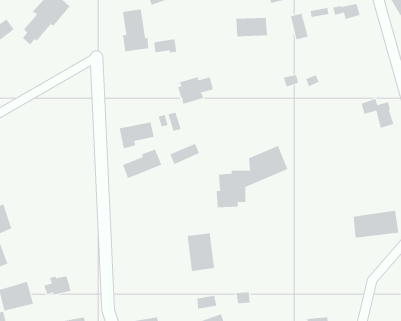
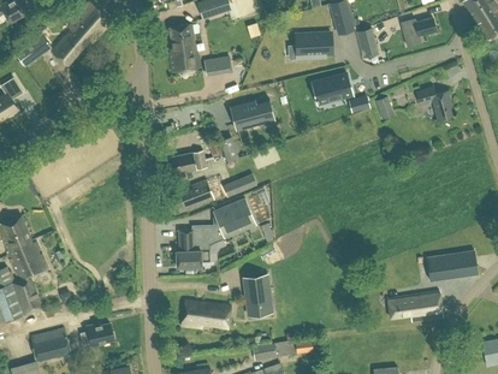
building: none -> [312,72,352,101]
building: [361,98,394,128] -> [416,85,453,119]
building: [216,145,288,208] -> [176,197,256,267]
building: none -> [387,290,443,321]
building: none -> [182,299,231,328]

